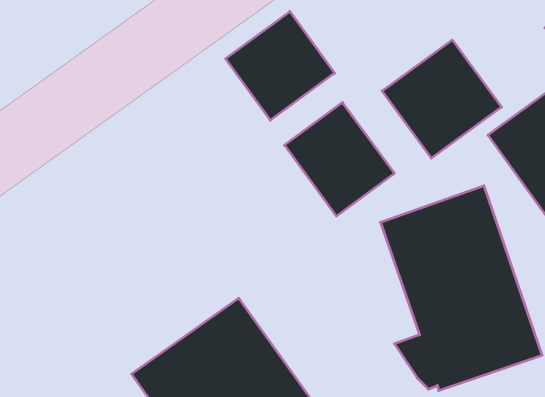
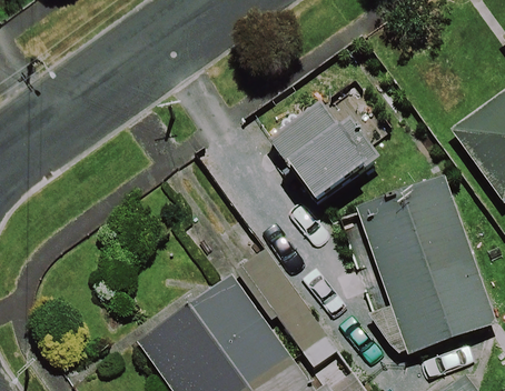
building: [226,11,335,120] -> none
building: [382,40,502,158] -> none

